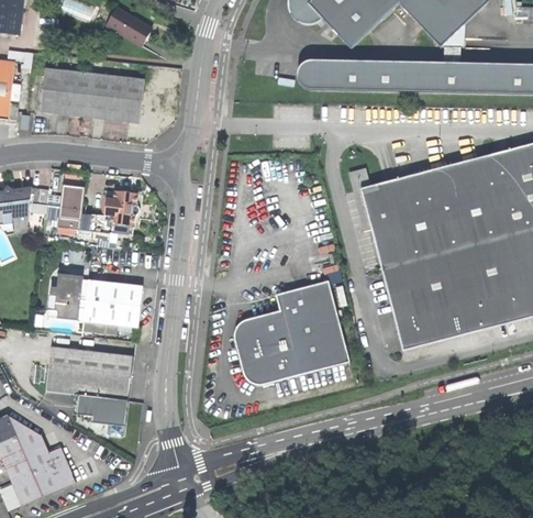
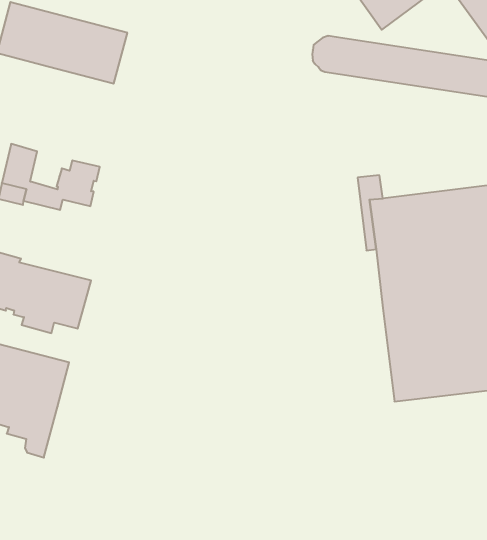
building: [233,279,348,384] -> none

